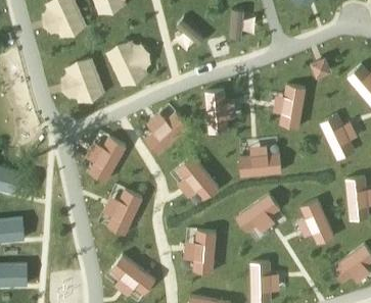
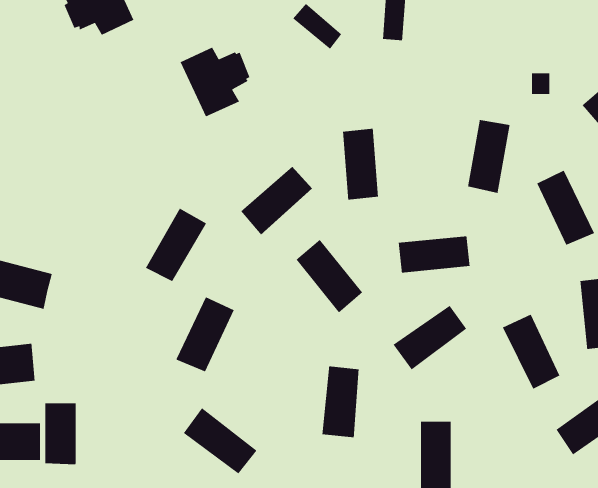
building: [59,59,101,101] -> none
building: none -> [44,402,76,465]

